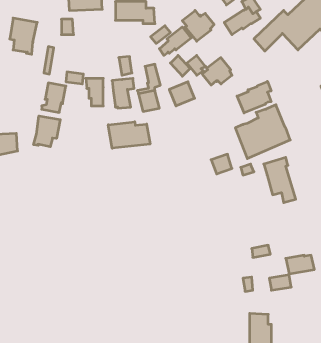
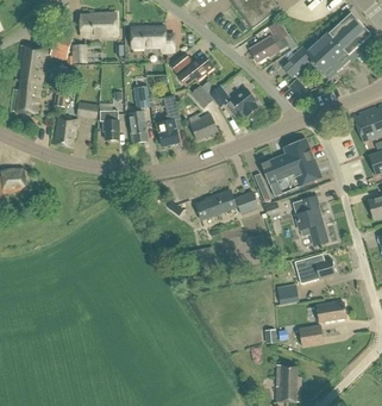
building: [182,10,214,41] -> none
building: none -> [13,79,40,113]
building: [237,81,271,113] -> none
building: [34,116,60,147] -> none
building: [108,122,150,148] -> none
building: none -> [195,189,236,219]
building: none -> [294,255,336,283]

